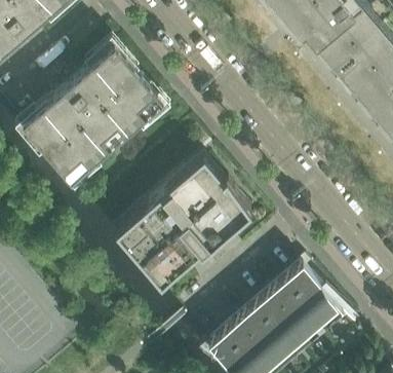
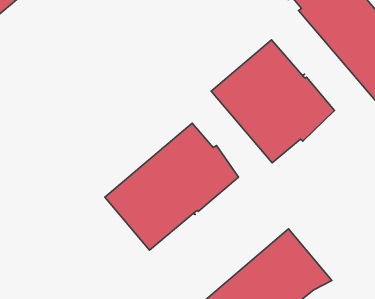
building: [23,47,163,183] -> none
building: none -> [211,40,335,163]

